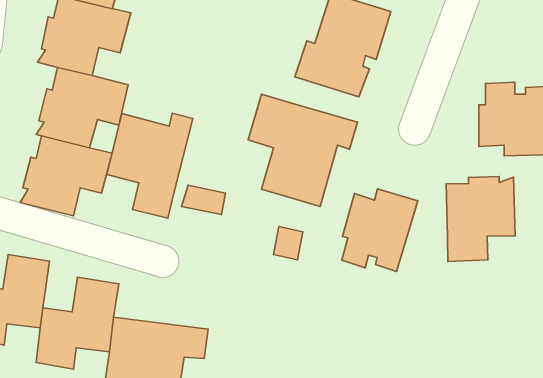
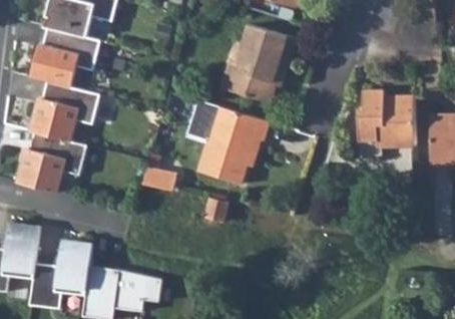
building: [107,113,193,218] -> none
building: [446,176,515,262] -> none
building: [342,189,418,271] -> none

